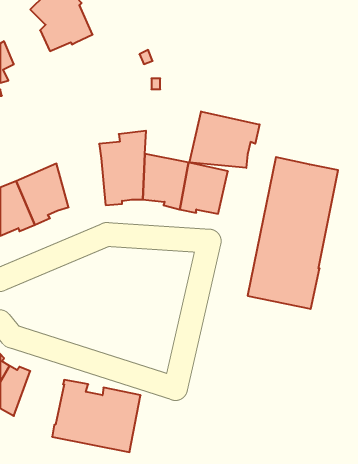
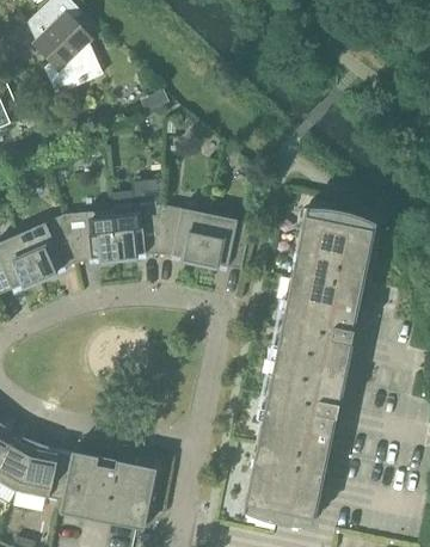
building: [189,111,260,168] -> none
building: none -> [64,209,118,263]
building: none -> [242,359,343,526]
building: none -> [18,442,73,500]

